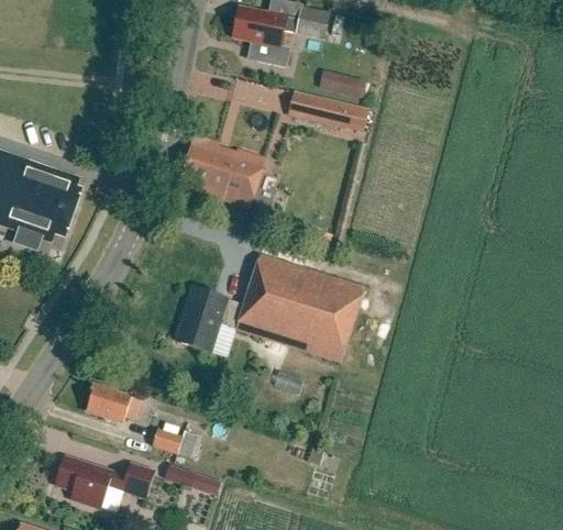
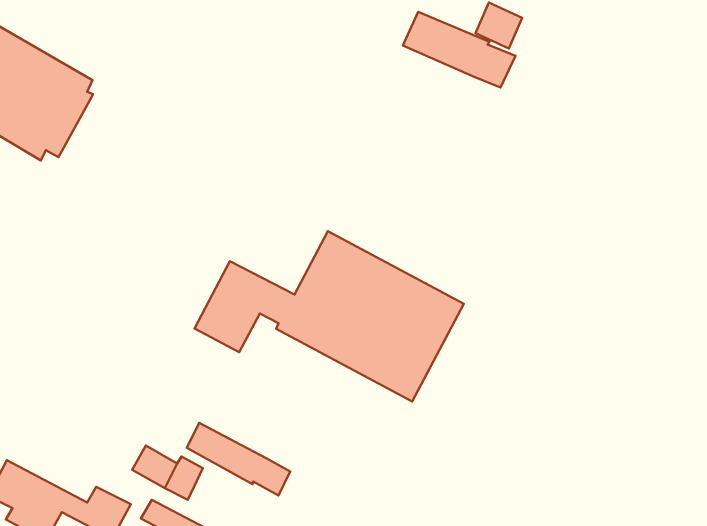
building: [177,136,264,206] -> none
building: [84,382,140,420] -> none
building: none -> [187,423,290,496]

